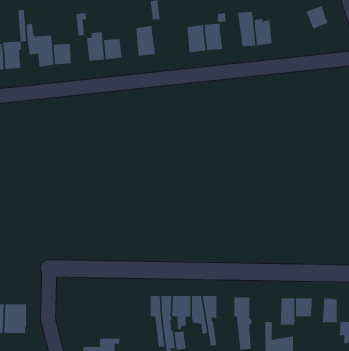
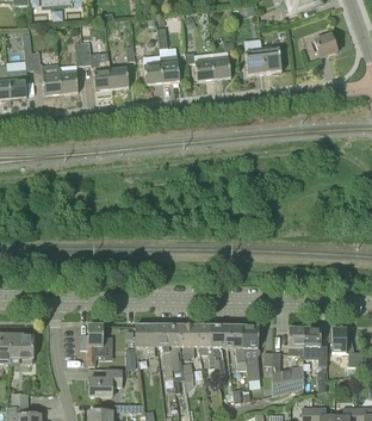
building: none -> [159,51,179,81]
building: none -> [80,323,105,364]
building: none -> [135,323,157,355]
building: none -> [224,324,246,370]

